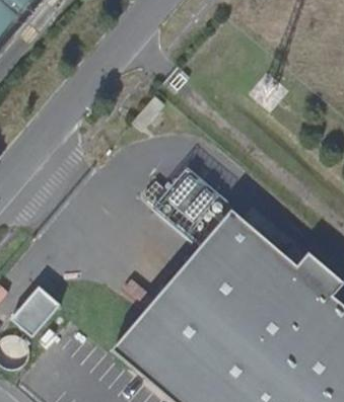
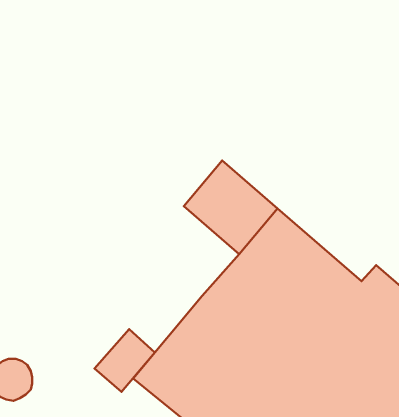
building: [12,287,62,338] -> [94,329,155,392]

